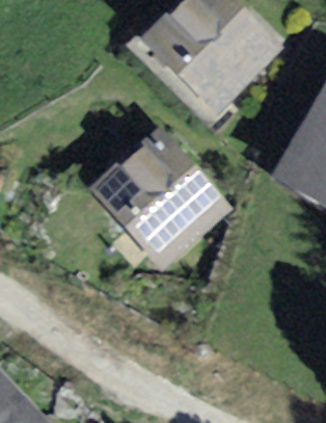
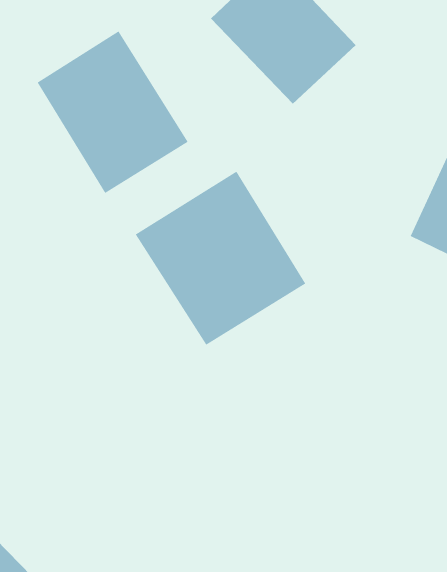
building: none -> [37,31,188,194]

